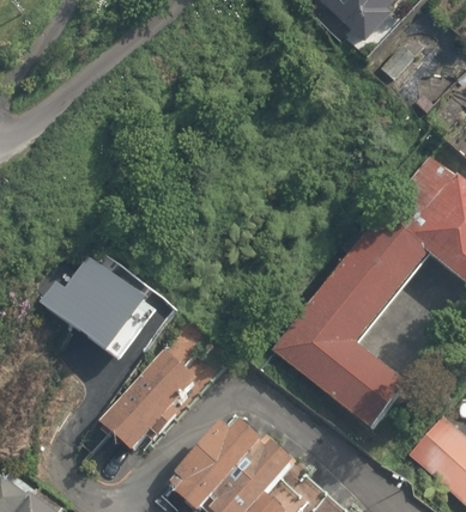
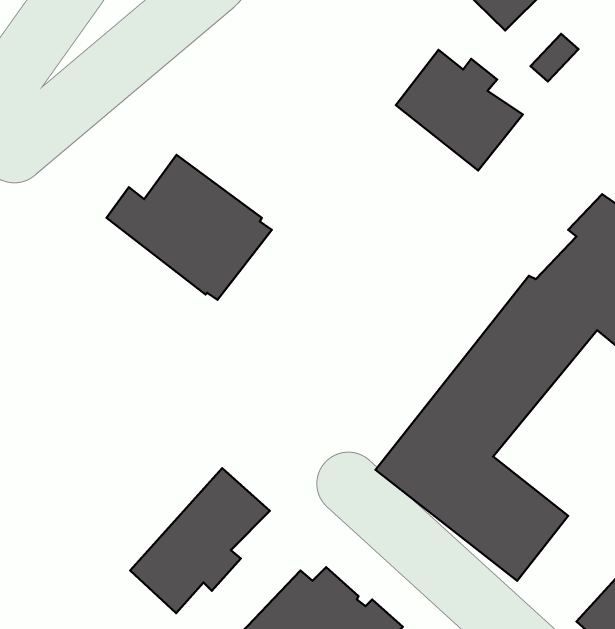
building: none -> [396,50,523,170]
building: [43,260,159,361] -> [107,155,272,300]

